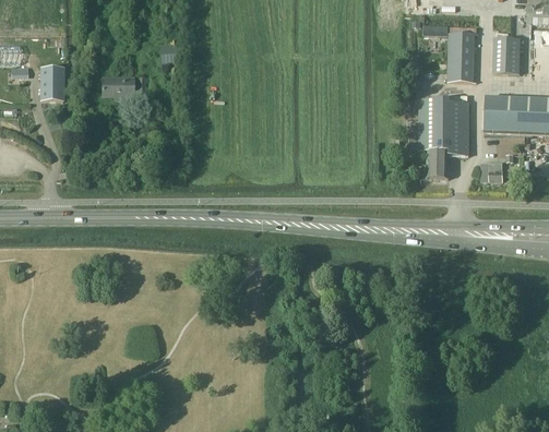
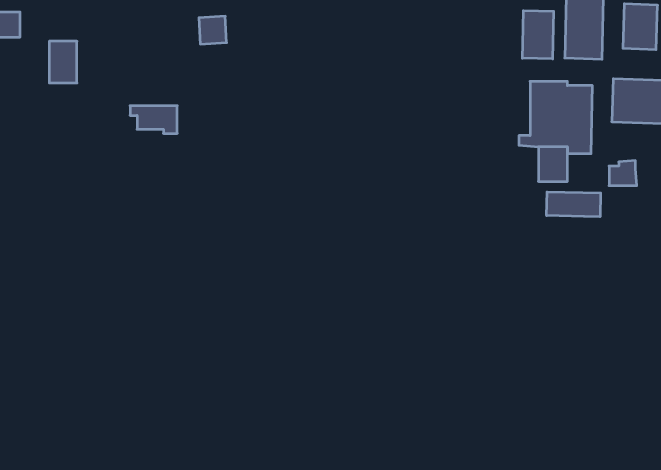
building: none -> [522,11,554,59]
building: [96,77,133,99] -> [130,106,177,133]
building: none -> [547,192,601,217]

